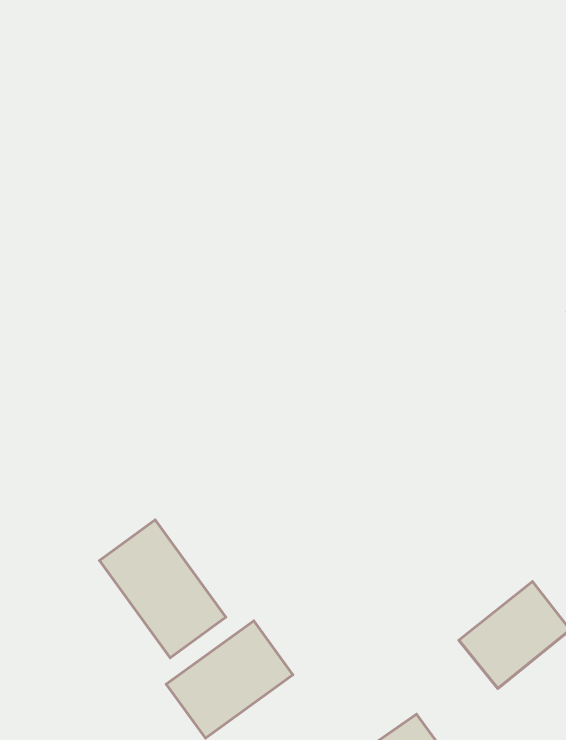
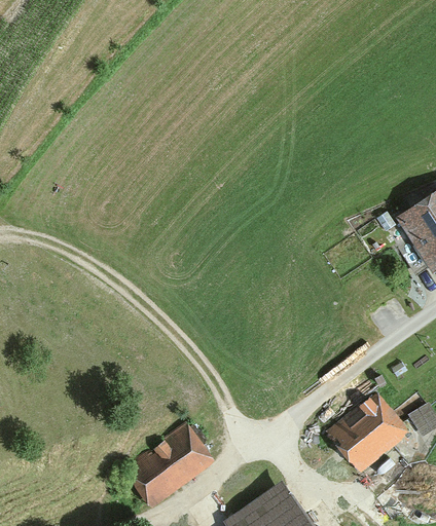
building: [100,520,226,658] -> none

